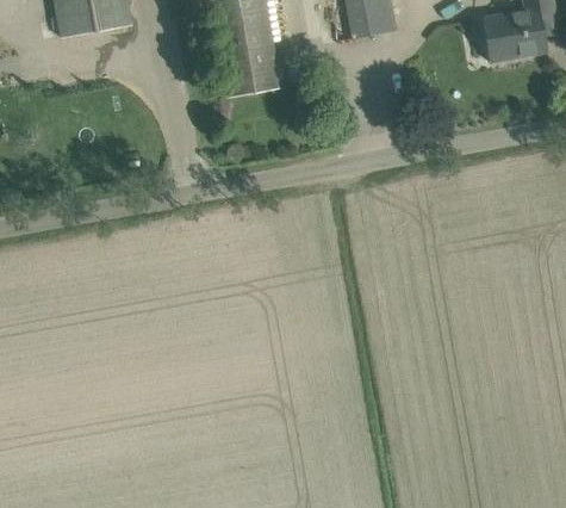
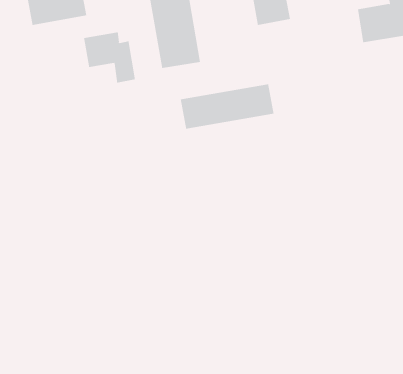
building: none -> [84,32,135,83]
building: none -> [180,83,274,130]

